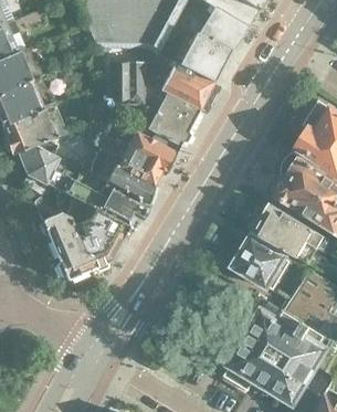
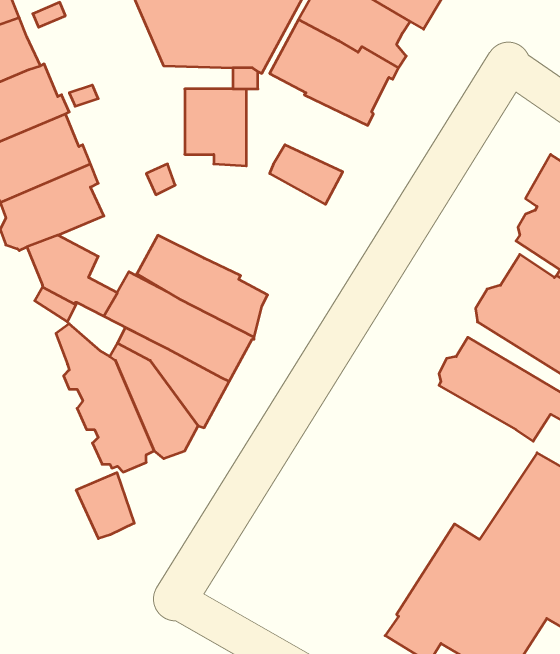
building: [159,62,213,109] -> none
building: [147,110,189,146] -> none
building: [66,126,176,180] -> none
building: [234,236,292,290] -> none
building: none -> [76,473,134,539]

